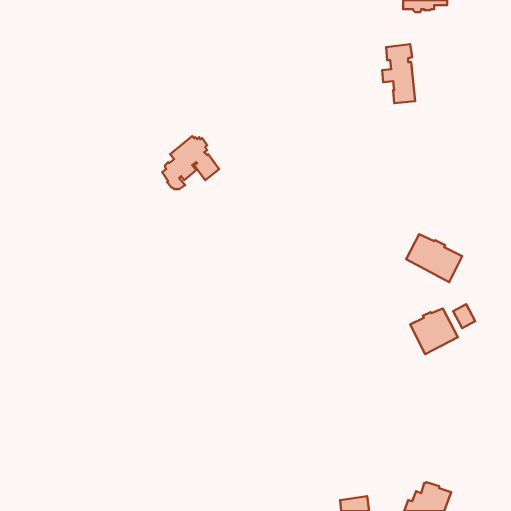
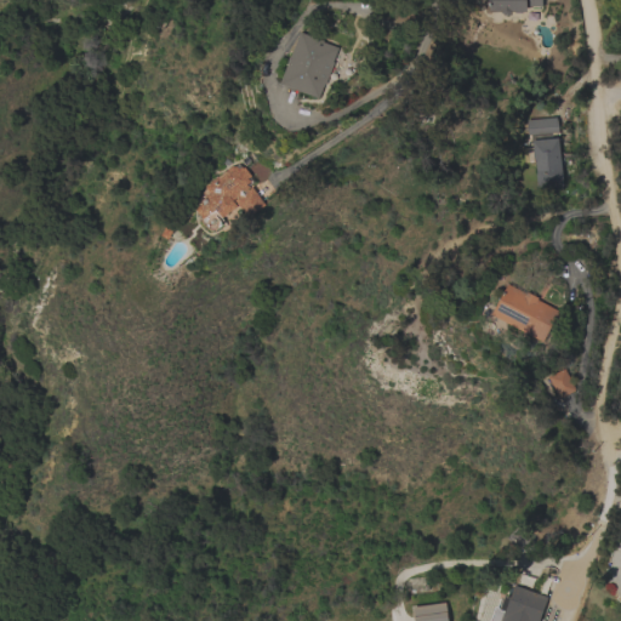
building: none -> [281,32,340,98]
building: [382,44,415,103] -> [523,116,563,188]
building: [410,308,458,354] -> none

